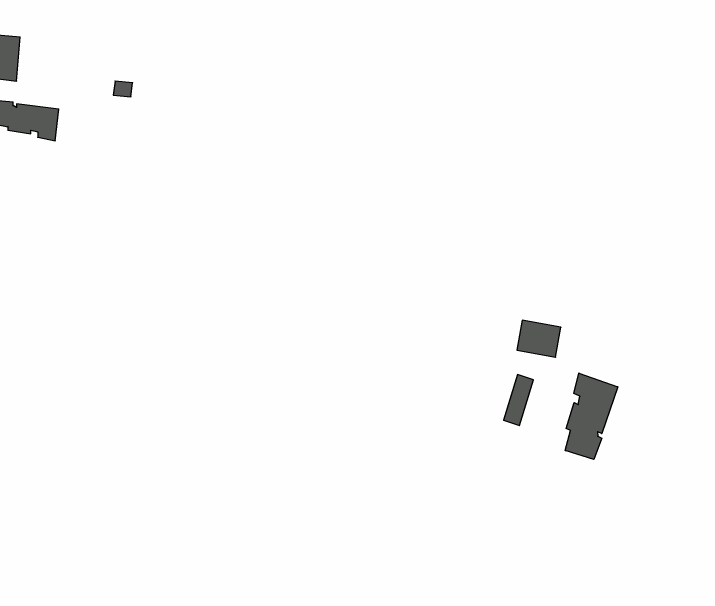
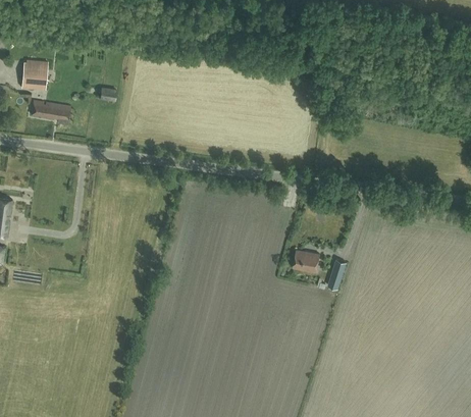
building: [517,320,561,357] -> [294,250,319,271]
building: [565,373,618,459] -> none

